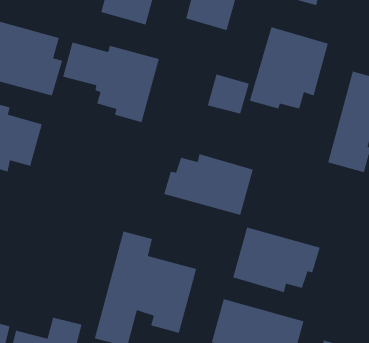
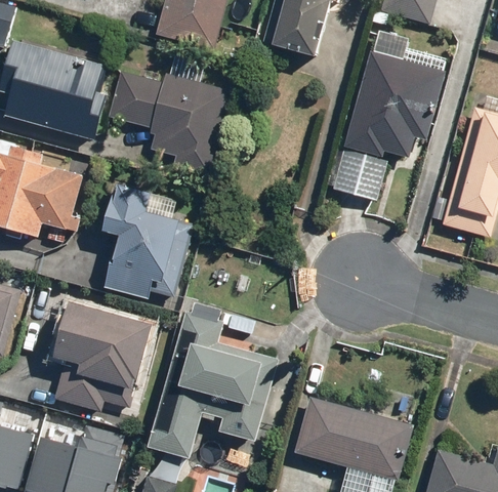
building: [207,73,250,115] -> [333,149,387,201]
building: none -> [101,183,193,298]
building: [163,153,254,216] -> none
building: [232,227,321,293] -> none
building: none -> [56,306,153,404]

